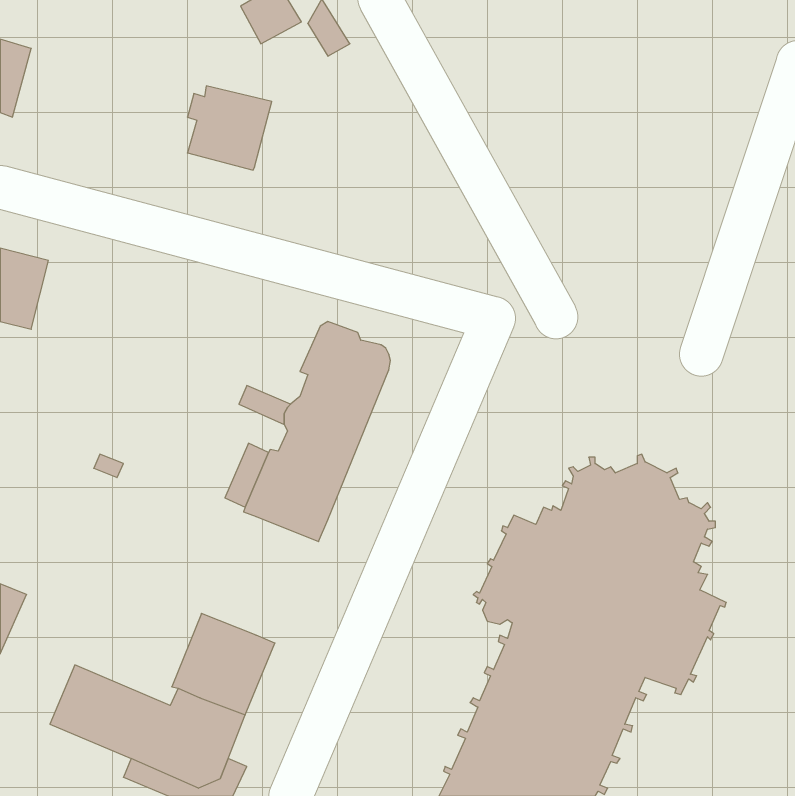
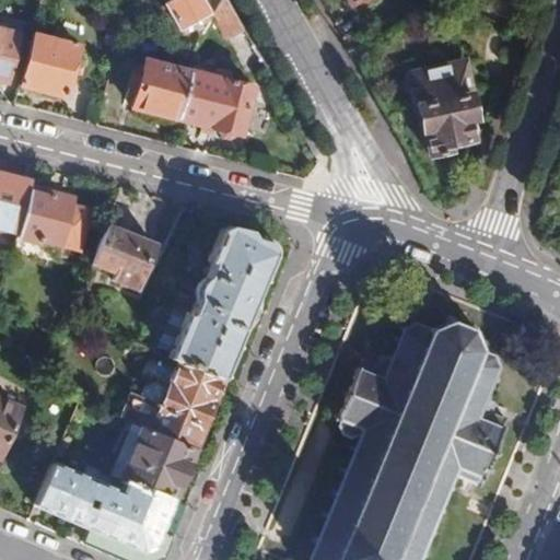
building: none -> [22,34,80,96]
building: none -> [409,60,480,159]
building: none -> [180,69,254,133]
building: none -> [22,183,91,247]
building: none -> [94,228,159,292]
building: none -> [122,362,225,451]

